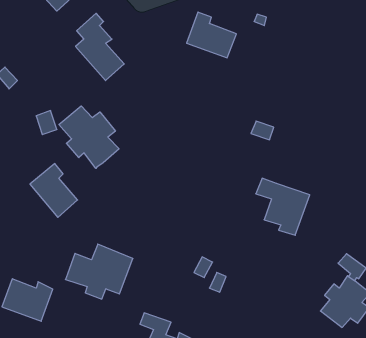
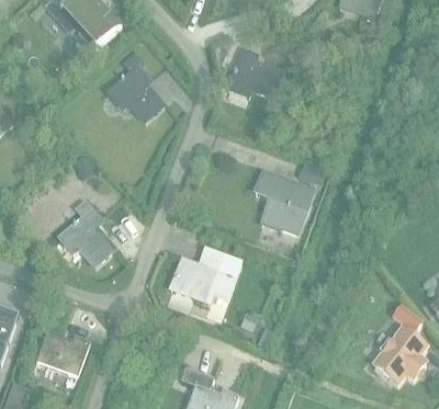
building: [59,106,119,168] -> none
building: [256,178,310,235] -> [255,172,312,232]
building: [65,244,133,299] -> [172,247,244,305]

